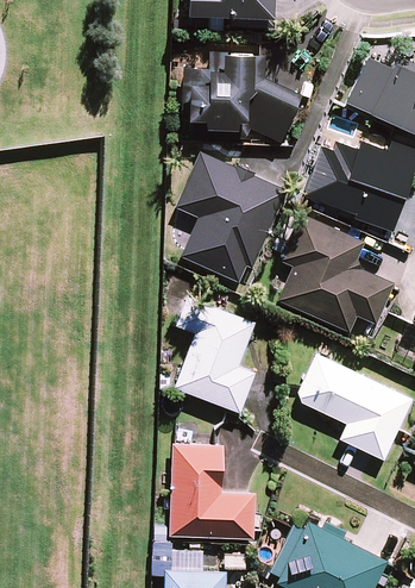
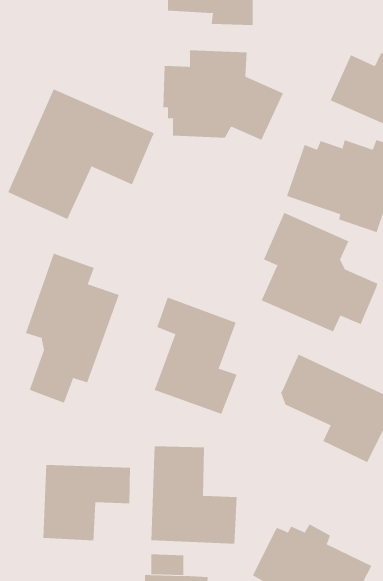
building: none -> [7,89,154,220]
building: [176,152,288,281] -> none
building: none -> [25,253,119,404]
building: none -> [43,464,131,541]

